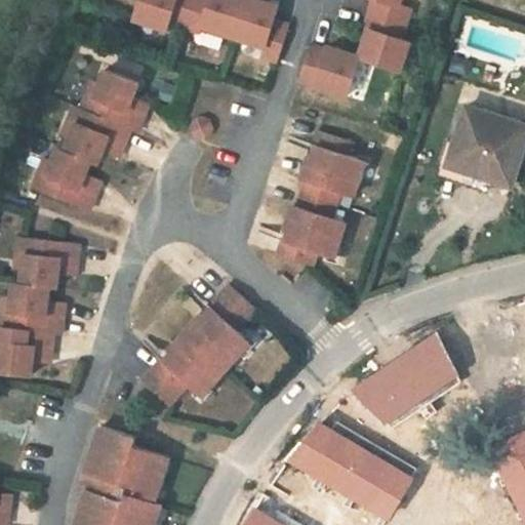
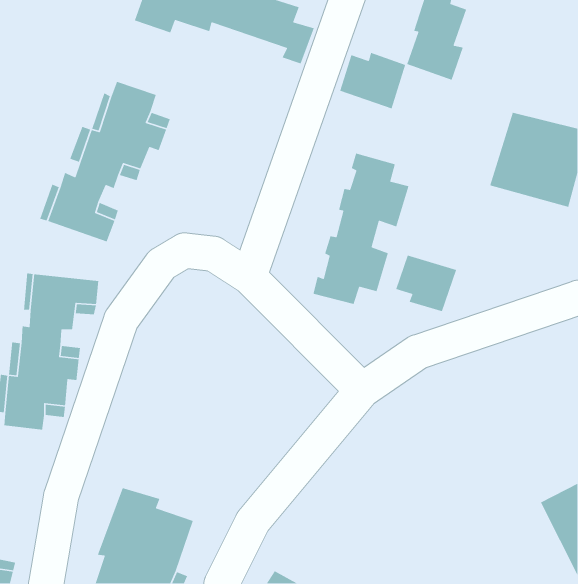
building: none -> [395,254,457,312]
building: [135,281,245,401] -> none
building: [345,329,446,420] -> none
building: [280,421,400,511] -> none

